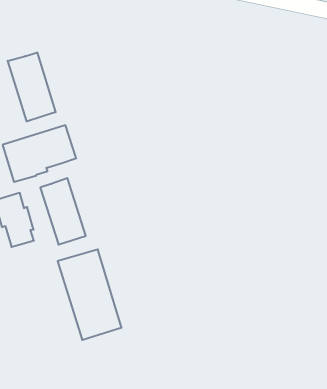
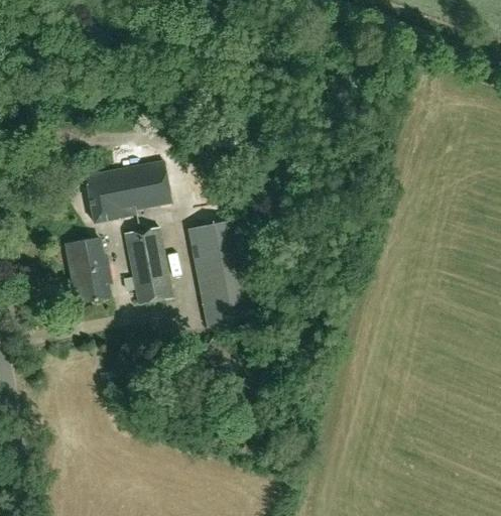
building: [8,52,56,121] -> none
building: [58,249,122,340] -> [187,219,257,327]

